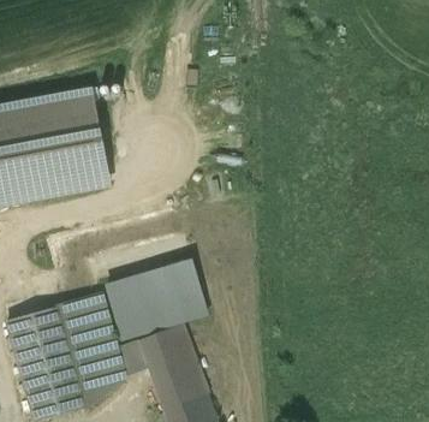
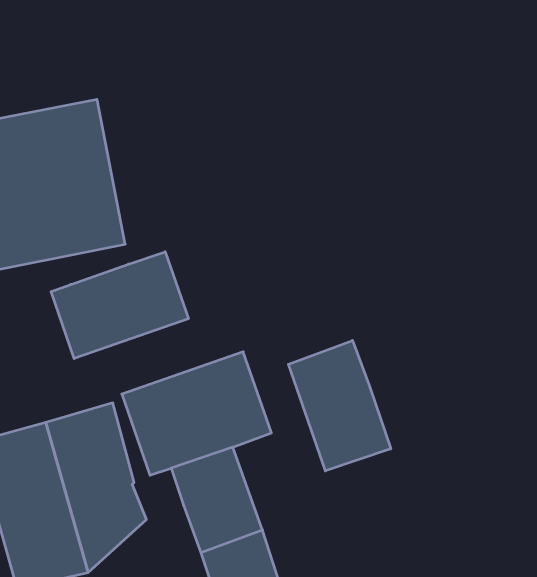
building: none -> [51,252,188,359]
building: none -> [288,340,391,471]
building: [113,338,148,373] -> none

